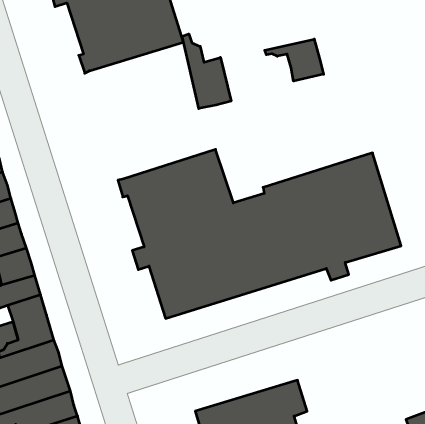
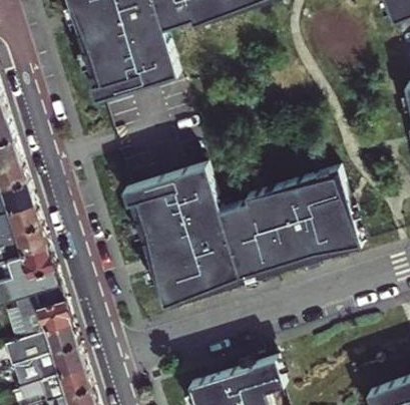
building: [182,34,231,109] -> none
building: [265,39,324,81] -> none

